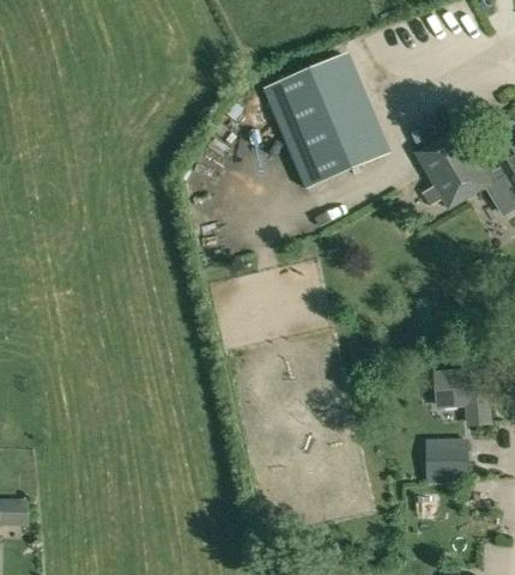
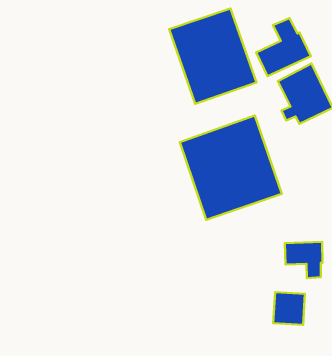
building: none -> [256,18,311,76]
building: none -> [180,116,282,220]

